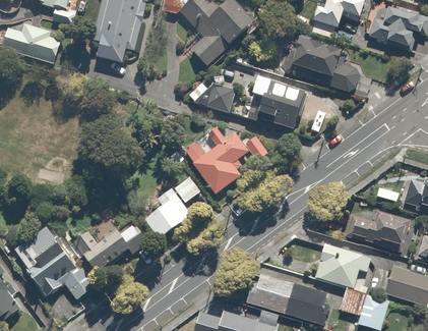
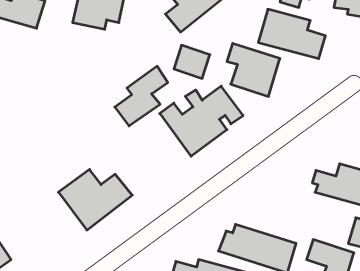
building: [143,173,200,237] -> [115,66,168,126]
building: [16,223,103,300] -> none
building: [313,239,370,288] -> none

